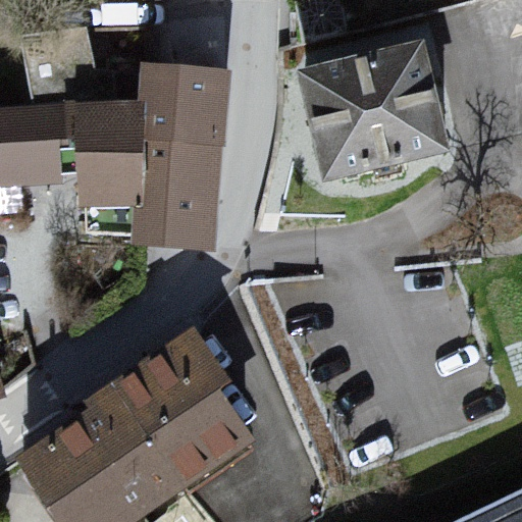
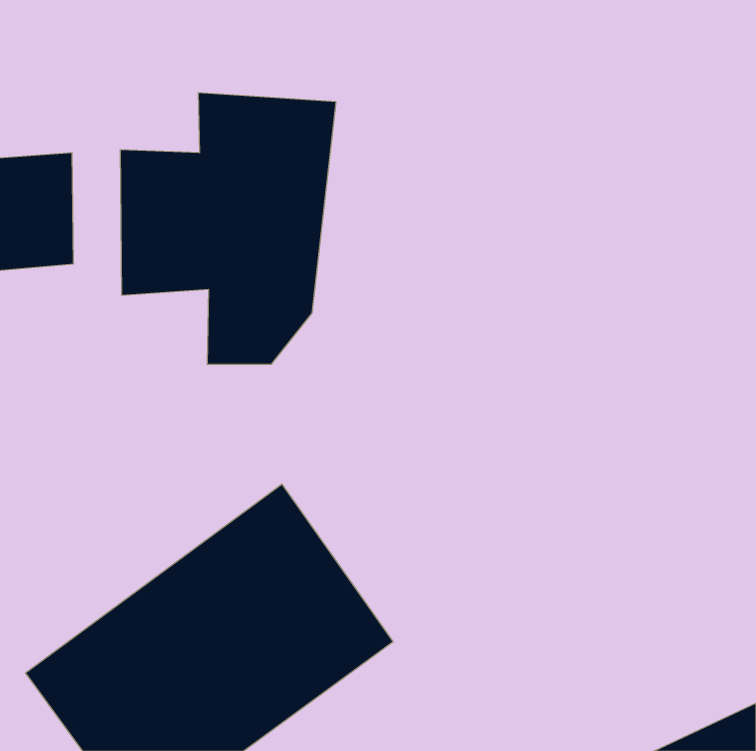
building: [293,43,449,182] -> none

